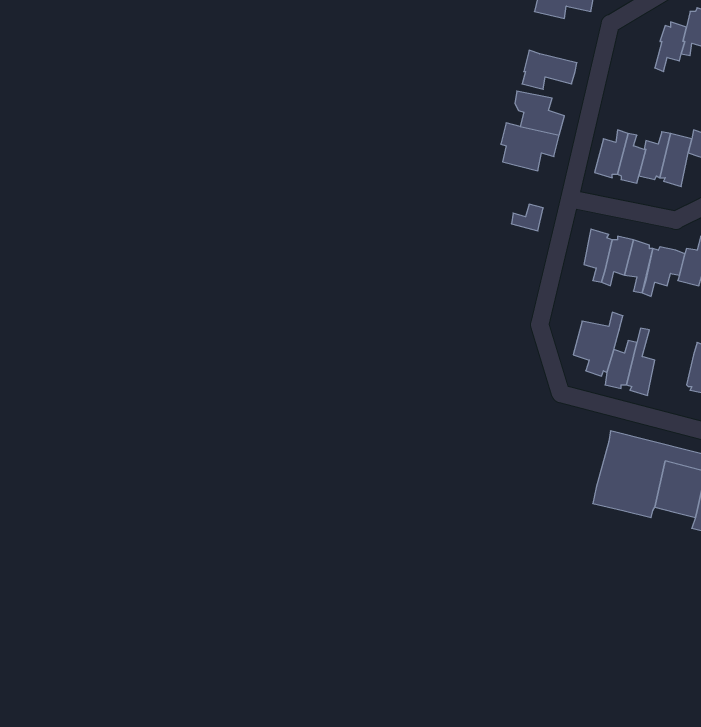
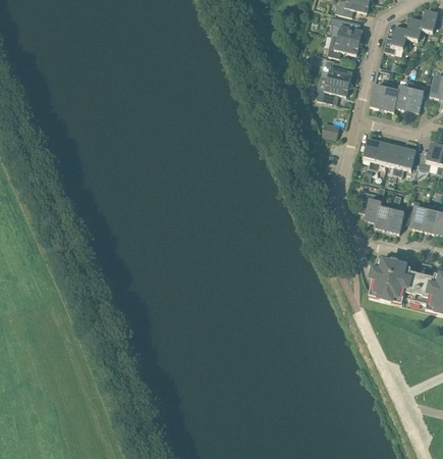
building: none -> [330,15,363,42]
building: none -> [384,28,408,53]
building: none -> [404,199,427,231]

